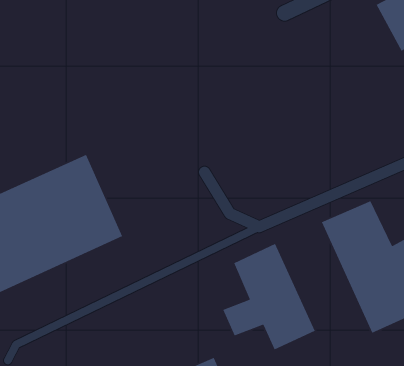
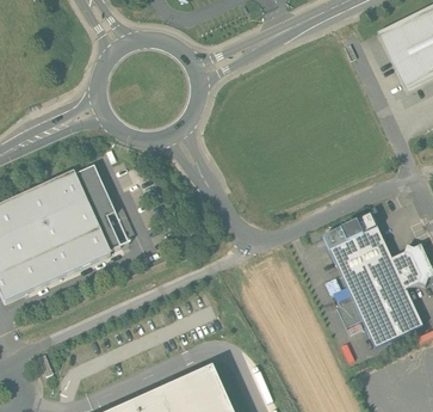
building: [222,243,316,350] -> none

